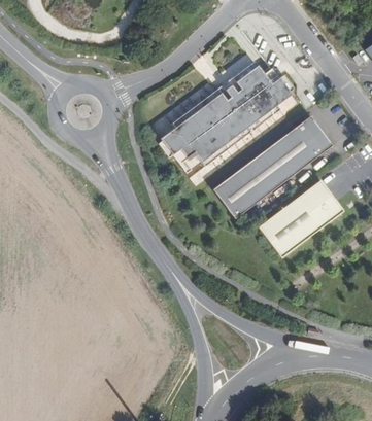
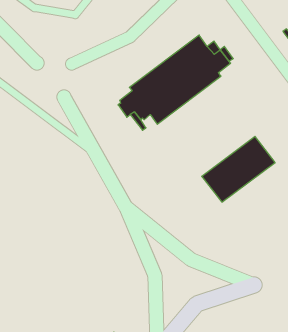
building: [213,114,333,218] -> none

